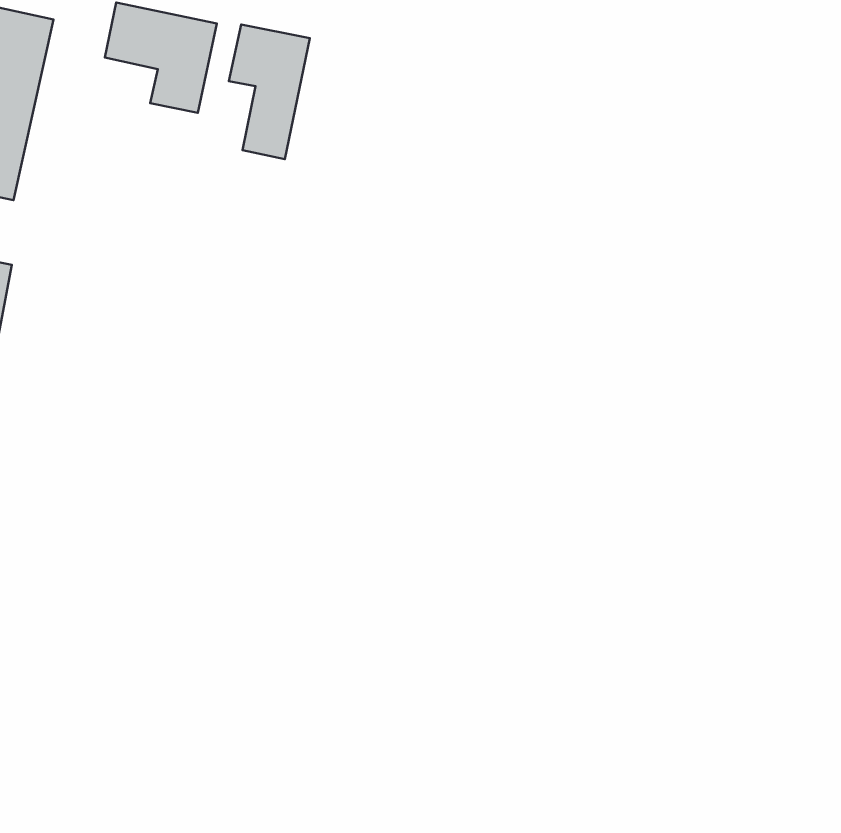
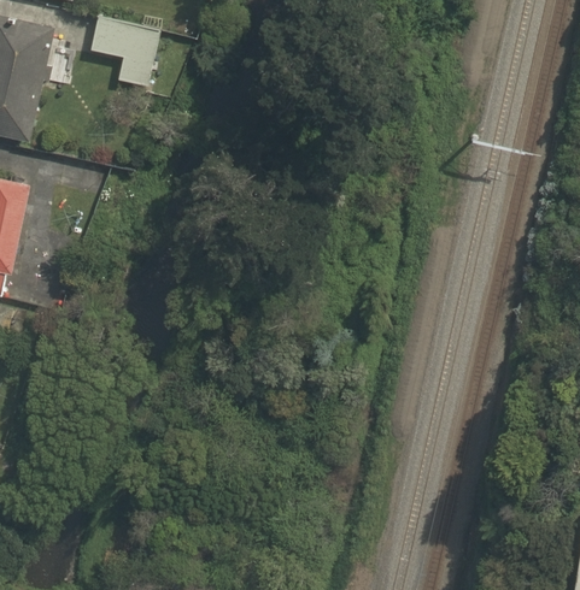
building: [229,24,310,159] -> none

